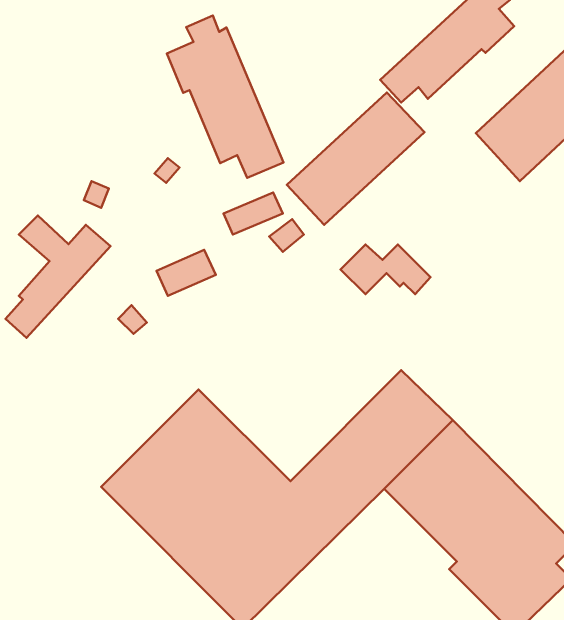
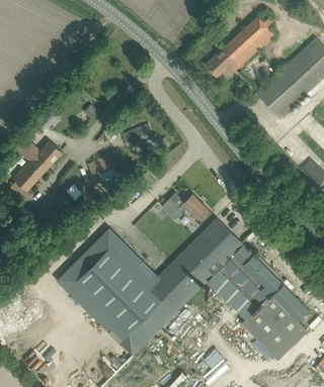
building: [167,15,284,178] -> none
building: [287,92,424,225] -> none
building: [341,245,430,294] -> [161,193,209,219]

